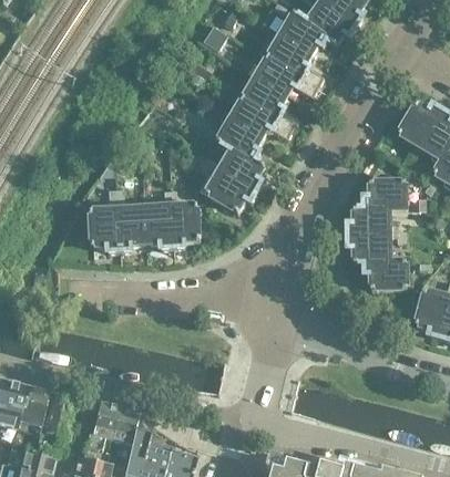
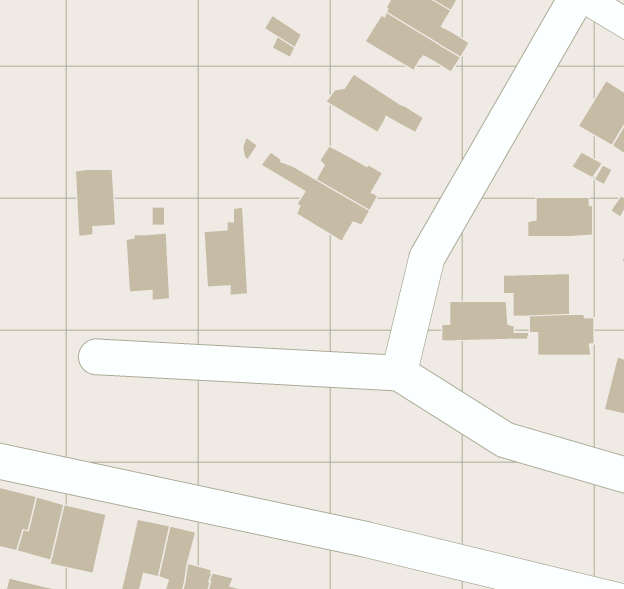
building: [242,76,299,128] -> none
building: [203,117,262,162] -> none
building: [170,189,200,248] -> none
building: [117,206,145,251] -> [75,170,116,236]
building: [347,209,407,236] -> [441,302,529,341]

